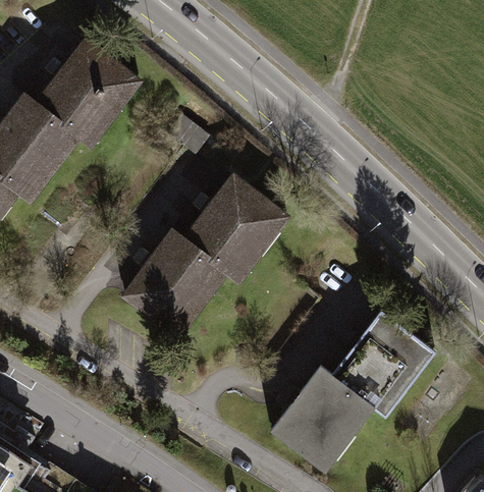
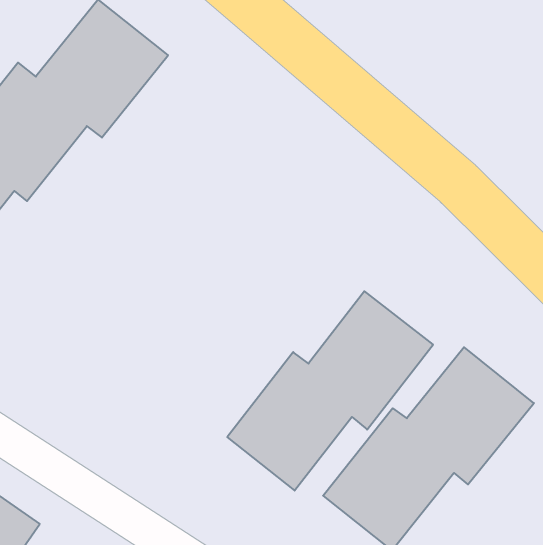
building: [122,177,287,337] -> [227,291,433,491]

